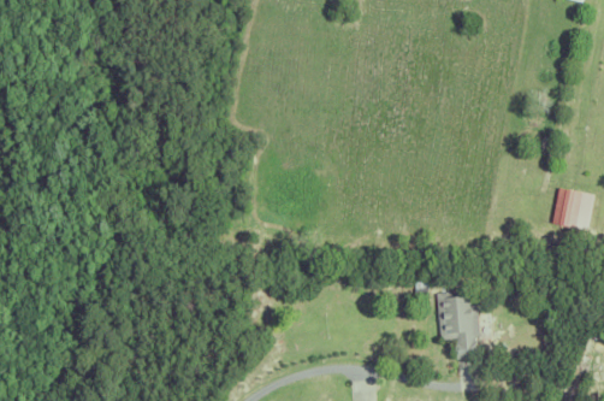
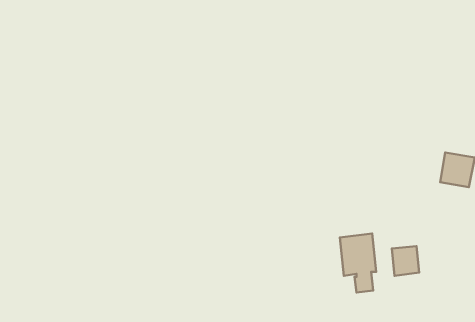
building: none -> [392,246,419,276]

